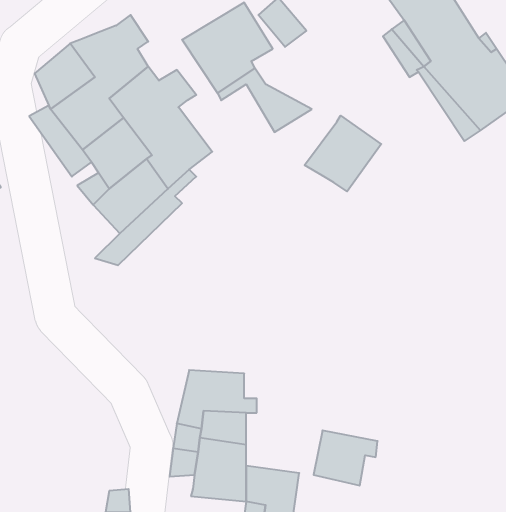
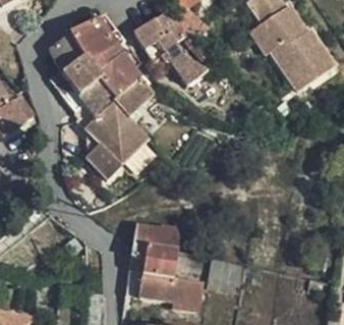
building: [305,116,381,191] -> none
building: none -> [83,127,144,182]

